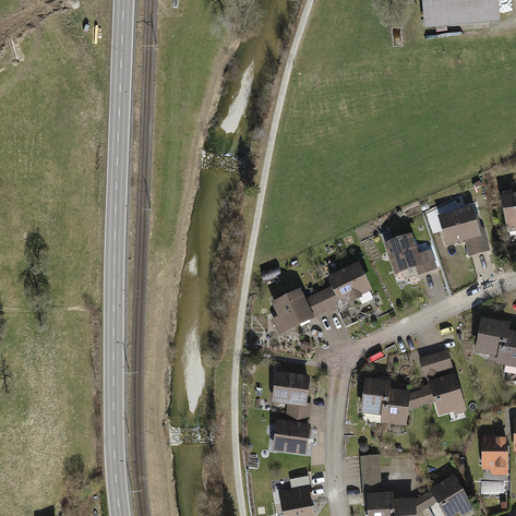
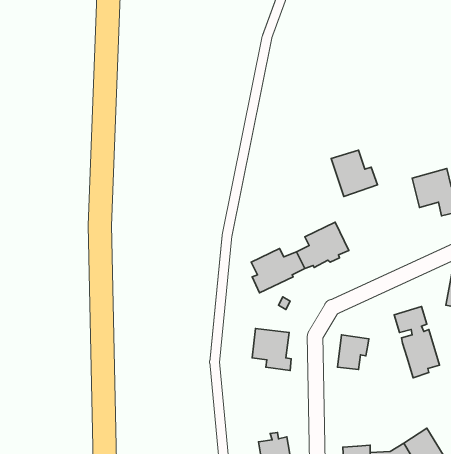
building: [384,235,432,283] -> [331,150,378,196]
building: [381,387,432,428] -> none
building: [273,412,311,455] -> none
building: [360,455,381,497] -> none

